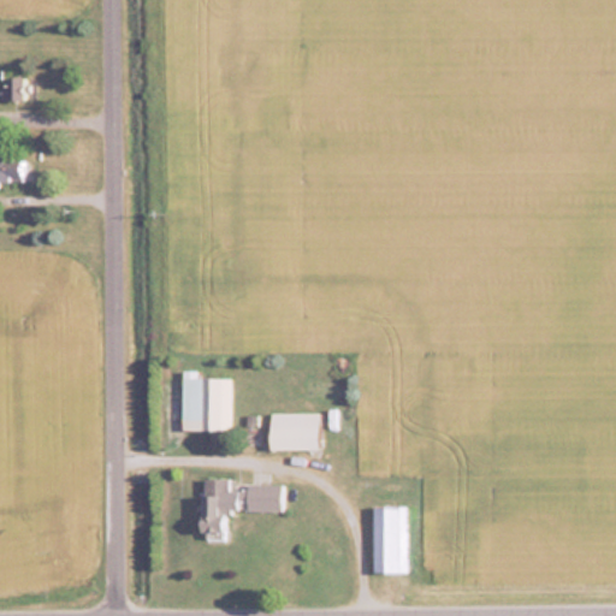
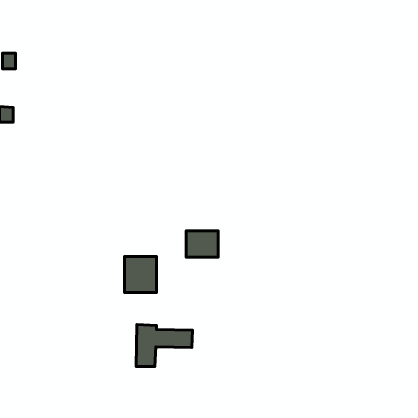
building: [270,413,316,451] -> [186,231,218,257]
building: [372,507,405,573] -> none

